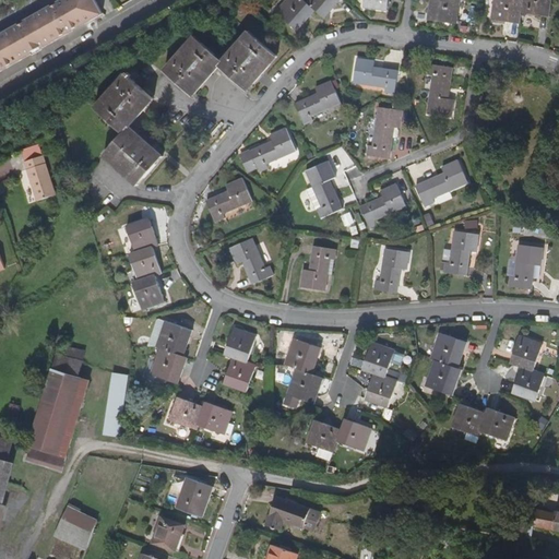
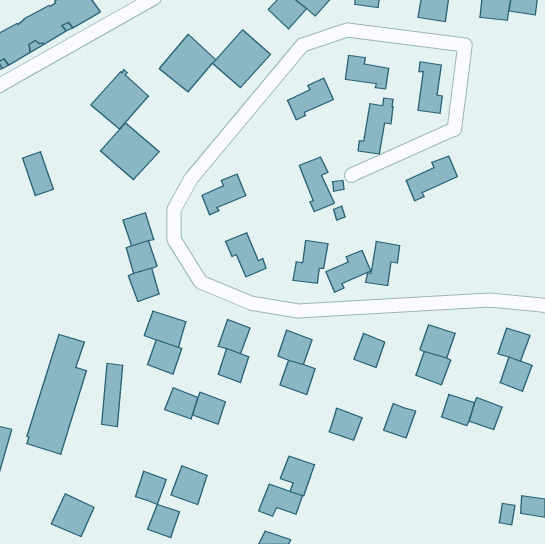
building: [249,128,295,169] -> none
building: [359,183,405,226] -> [326,251,371,292]
building: [444,229,478,274] -> none
building: [508,243,542,287] -> none
building: [364,371,396,406] -> [384,404,416,438]
building: [306,419,341,460] -> [280,456,315,496]
building: none -> [136,471,166,504]

